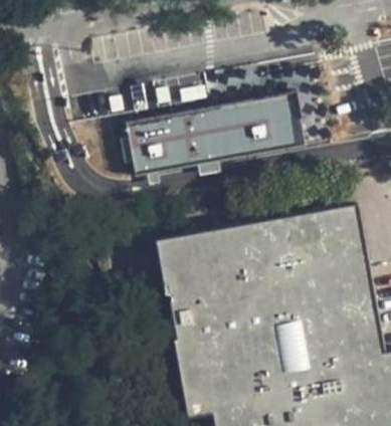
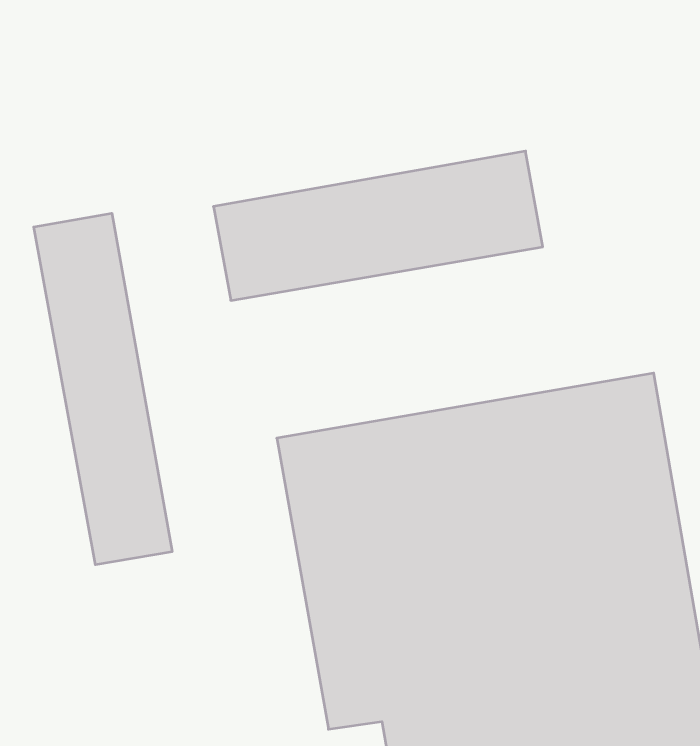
building: none -> [34,213,172,565]

